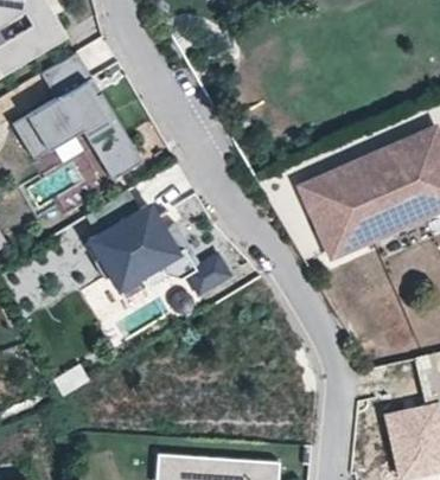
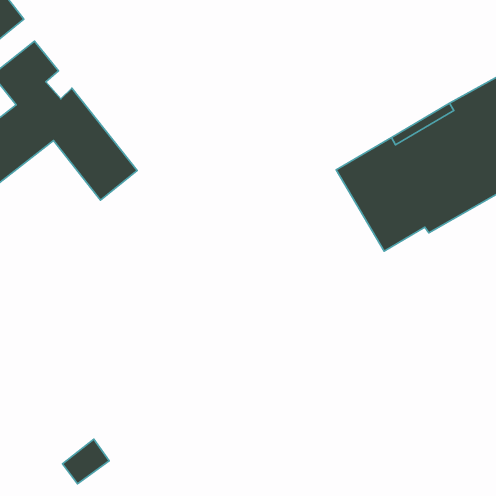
building: [87,207,193,302] -> none

